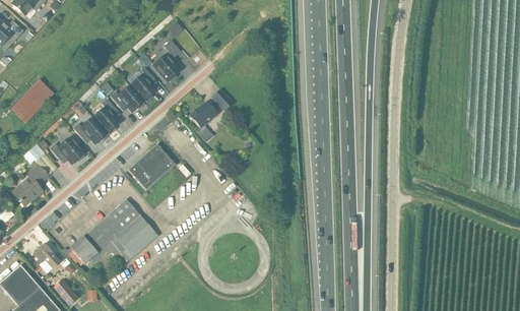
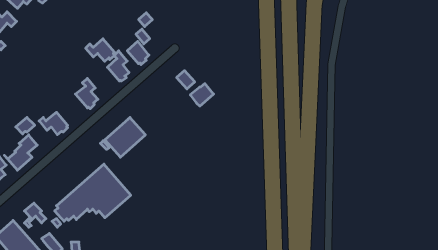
building: [10,78,54,123] -> none
building: [110,84,144,111] -> [86,39,115,61]
building: [189,101,216,127] -> [190,84,214,106]
building: [72,116,107,142] -> none

